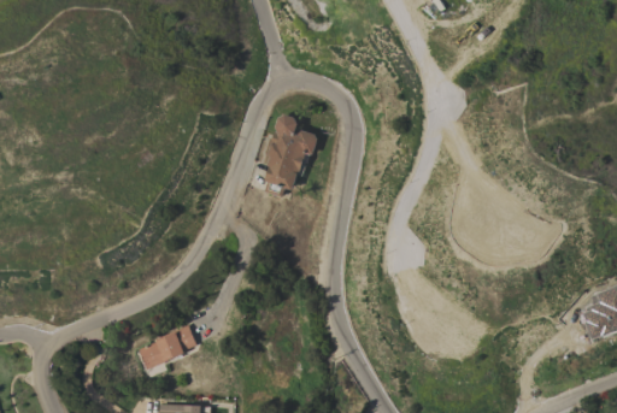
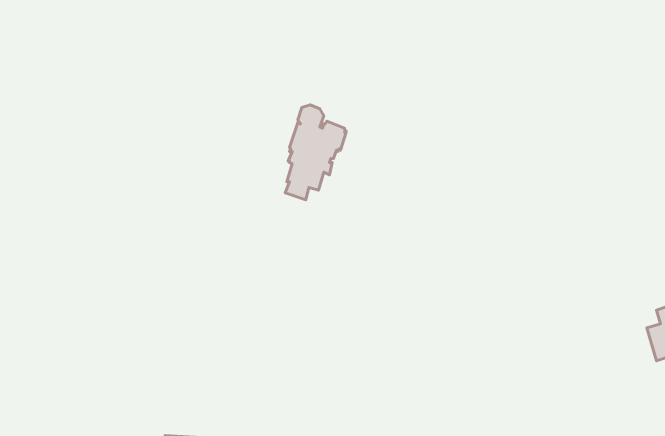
building: [135,324,196,378] -> none

